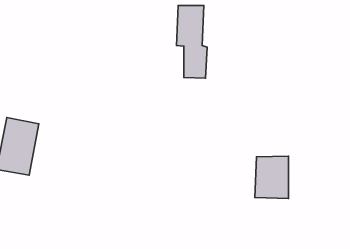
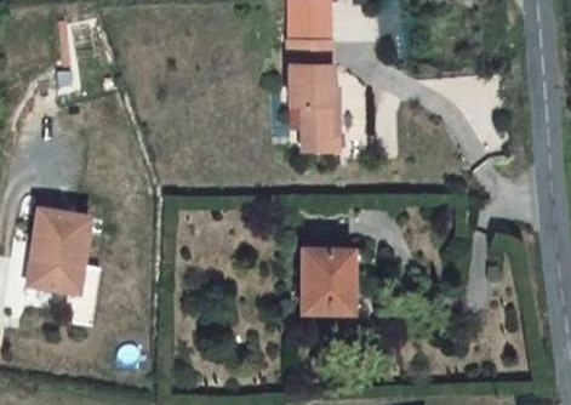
building: [255,156,288,198] -> [308,252,359,316]

